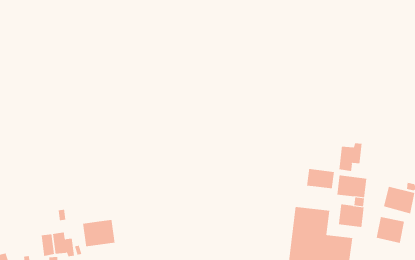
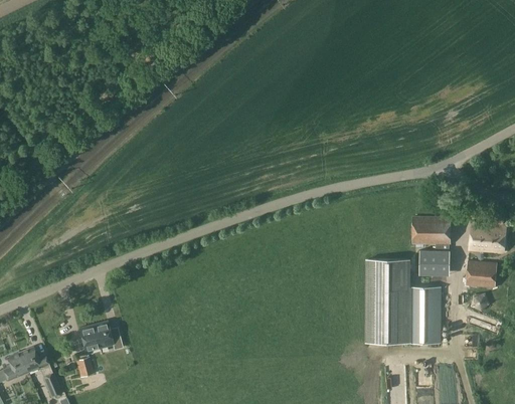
building: [339,142,362,172] -> none
building: [307,168,334,189] -> none
building: [83,219,115,247] -> none

